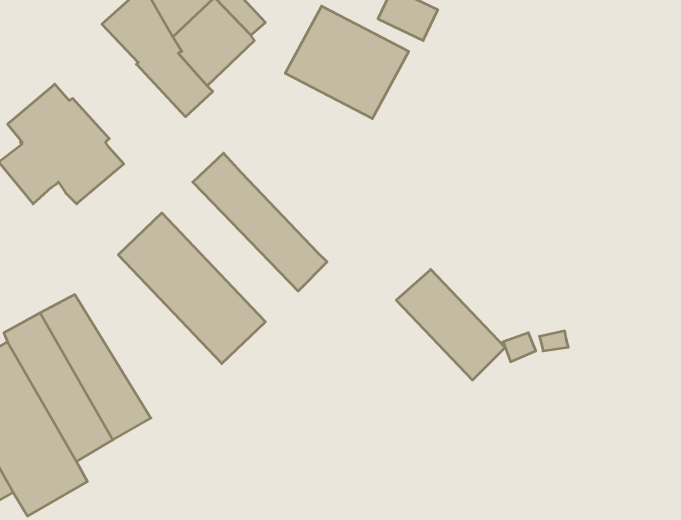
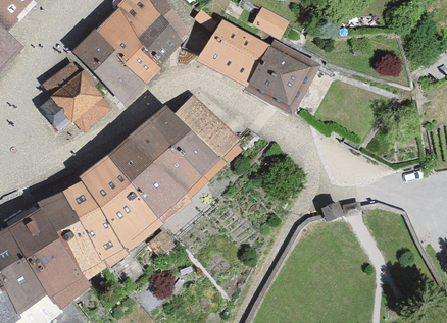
building: none -> [76,31,144,102]
building: none -> [247,41,316,112]
building: none -> [131,119,207,198]
building: none -> [82,160,164,252]
building: [396,269,505,380] -> [176,97,237,159]

